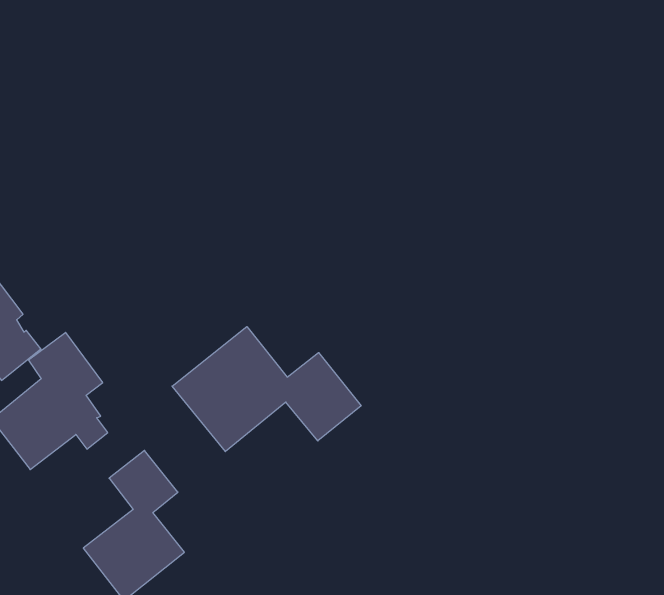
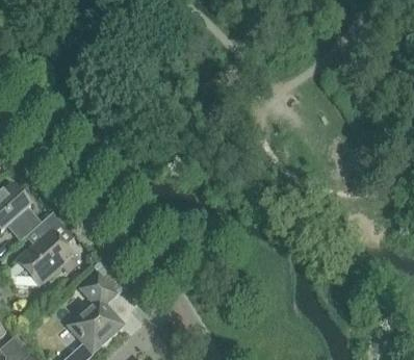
building: [172,327,361,452] -> none

